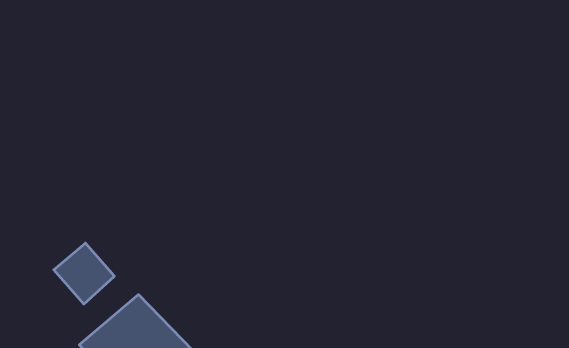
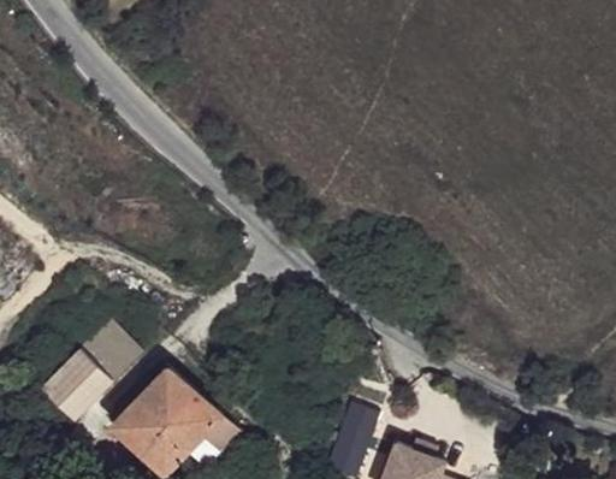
building: none -> [41,350,112,421]

